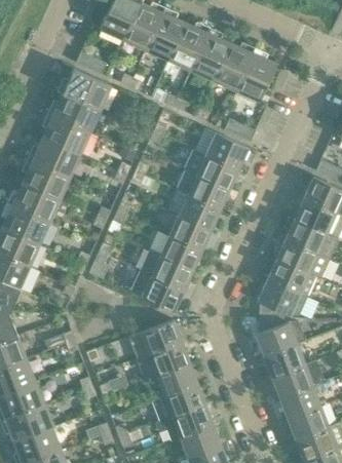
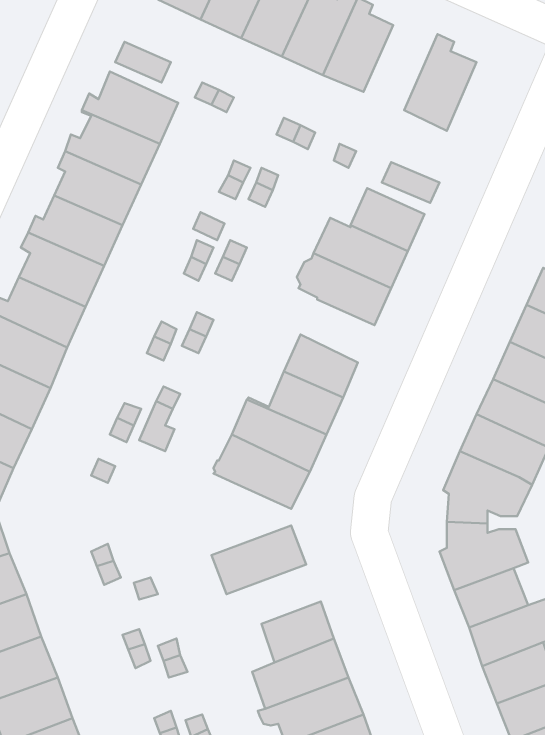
building: [214,43,255,90] -> none
building: [179,195,220,230] -> none
building: [138,342,190,375] -> none

